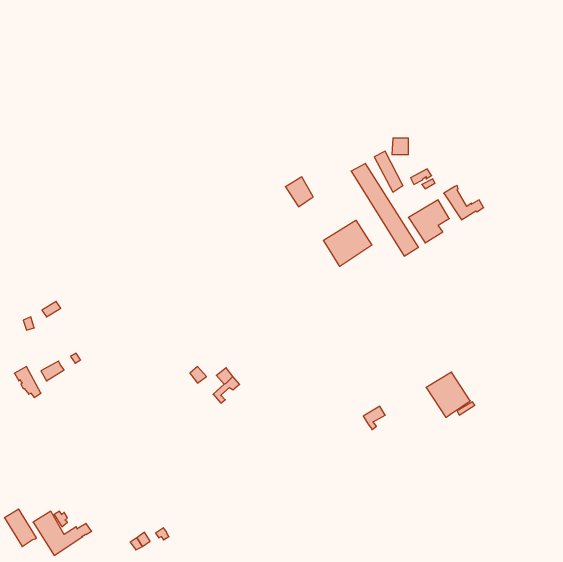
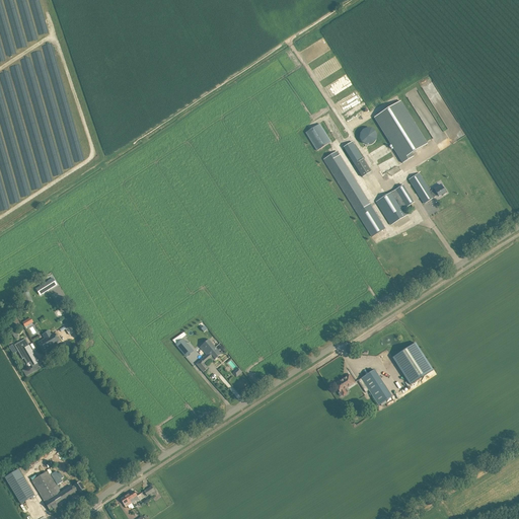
building: none -> [373,98,426,161]
building: [285,177,313,207] -> [304,122,329,149]
building: [323,220,372,266] -> none
building: none -> [358,368,391,404]

